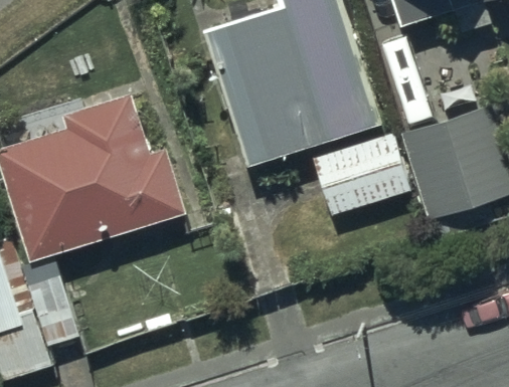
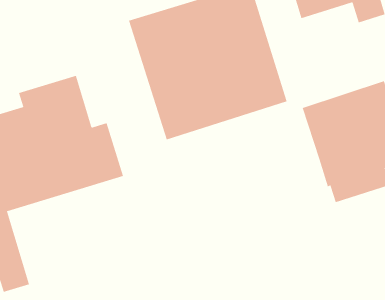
building: [308,131,412,216] -> none

